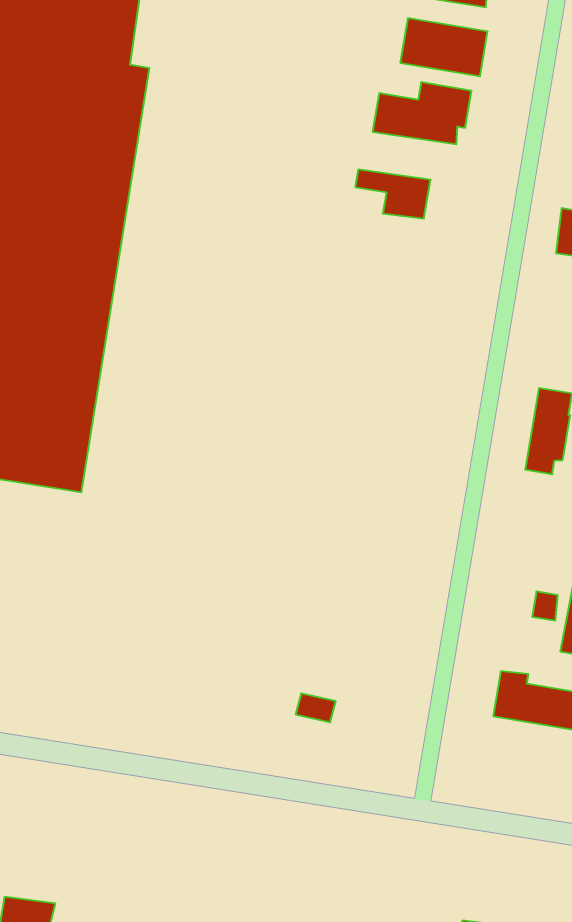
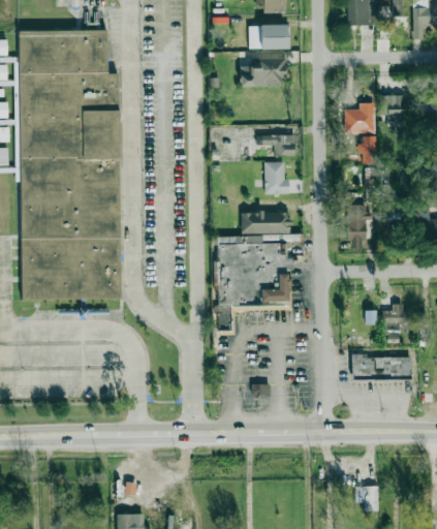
building: [355,170,431,219] -> [257,133,295,155]
building: none -> [264,161,288,193]
building: none -> [215,211,292,330]

